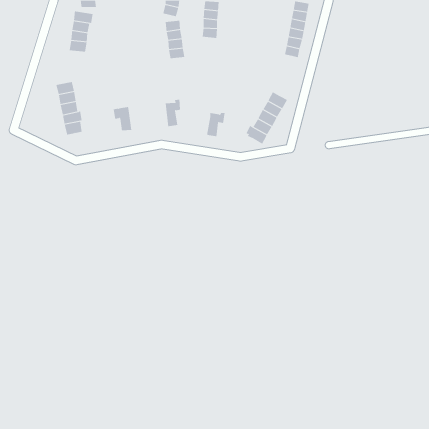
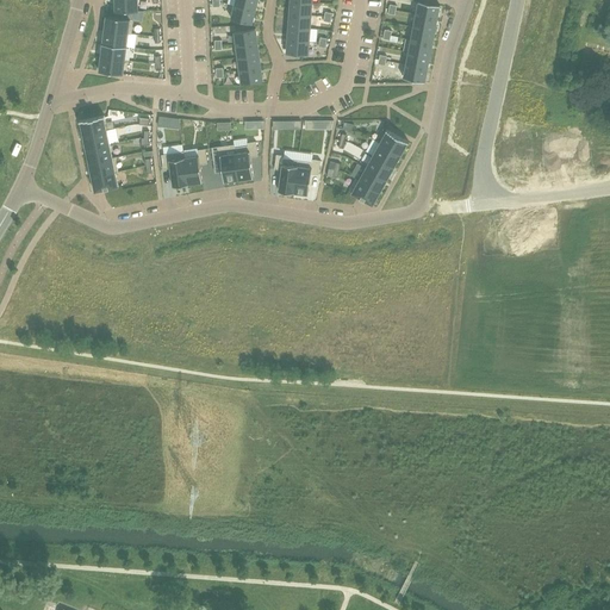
building: none -> [211,144,237,181]
building: none -> [183,149,206,185]
building: none -> [273,154,297,193]

